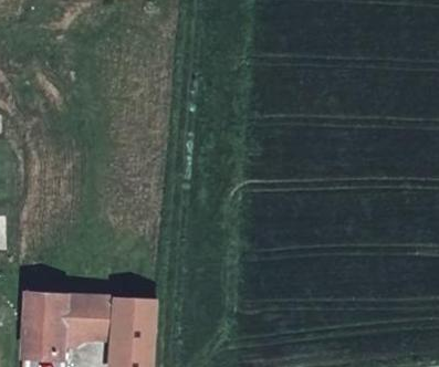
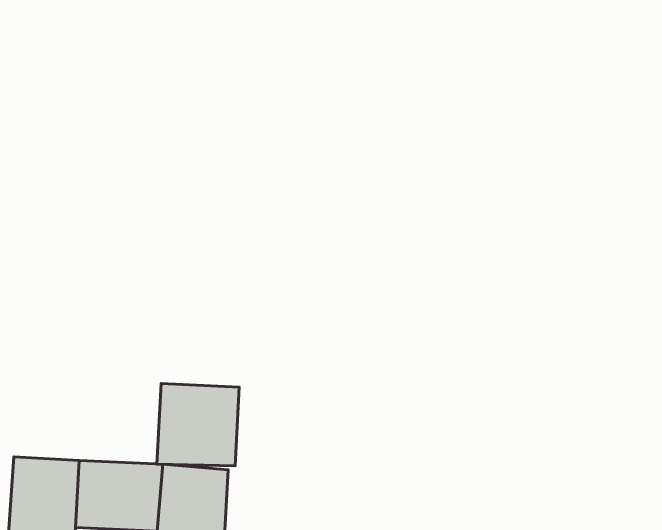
building: none -> [157,384,239,466]

